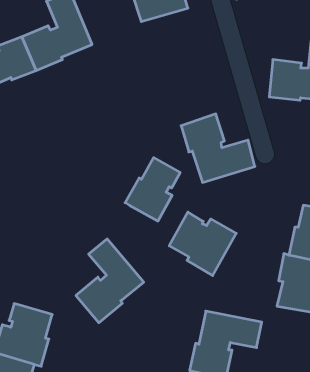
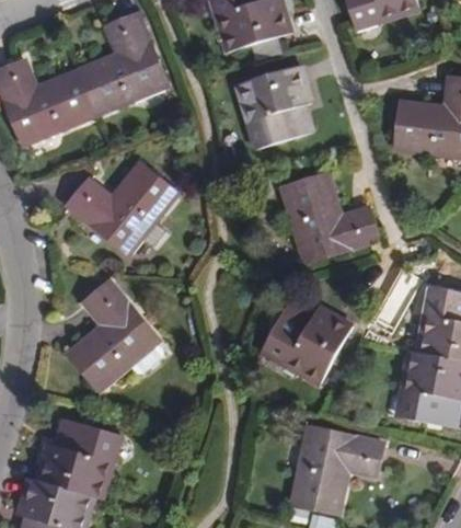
building: none -> [237,66,311,147]
building: none -> [67,163,177,251]
building: [125,158,180,221] -> none
building: [76,239,144,323] -> [68,282,155,390]

